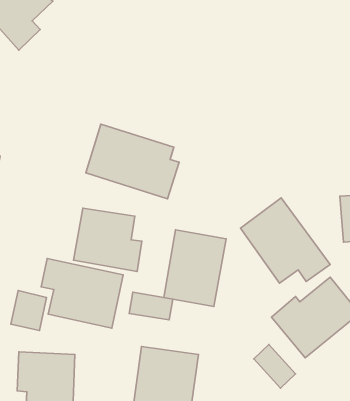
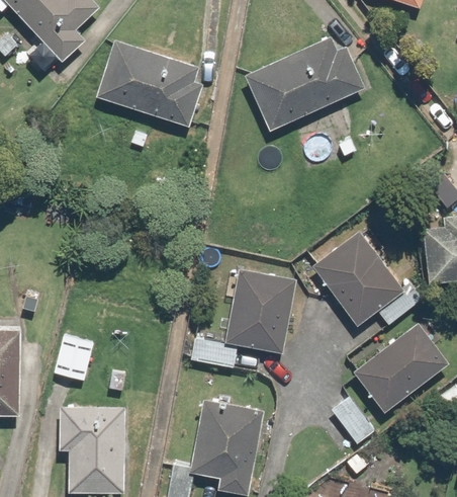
building: none -> [243,37,363,130]
building: [86,124,179,199] -> [96,42,202,127]
building: [73,208,142,271] -> none
building: [41,258,123,328] -> none

